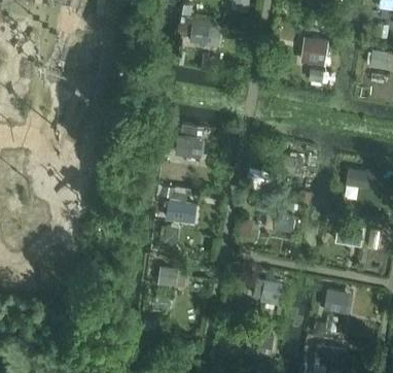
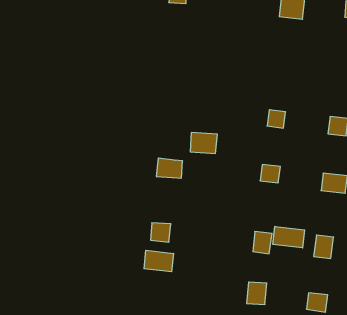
building: [176,135,205,158] -> [190,133,217,153]
building: none -> [273,226,305,248]
building: none -> [144,250,173,272]

